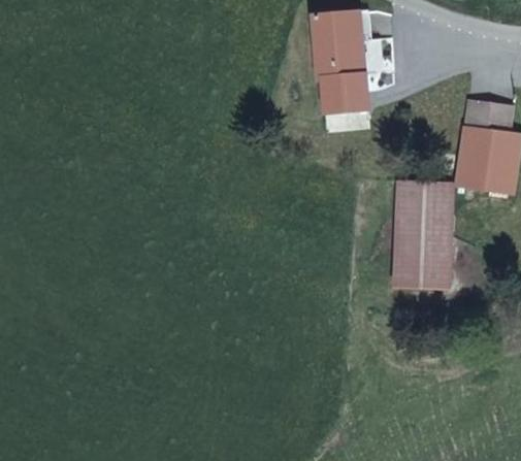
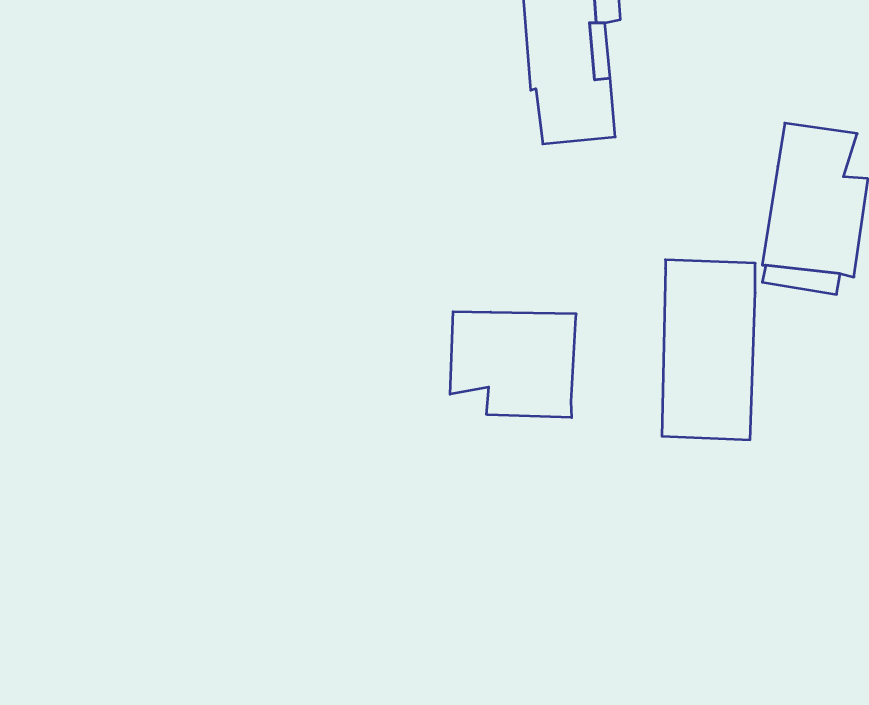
building: none -> [450,312,576,418]

